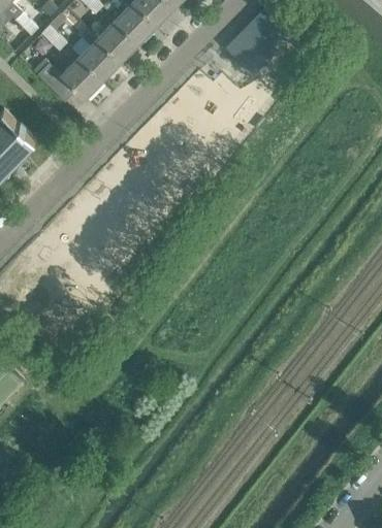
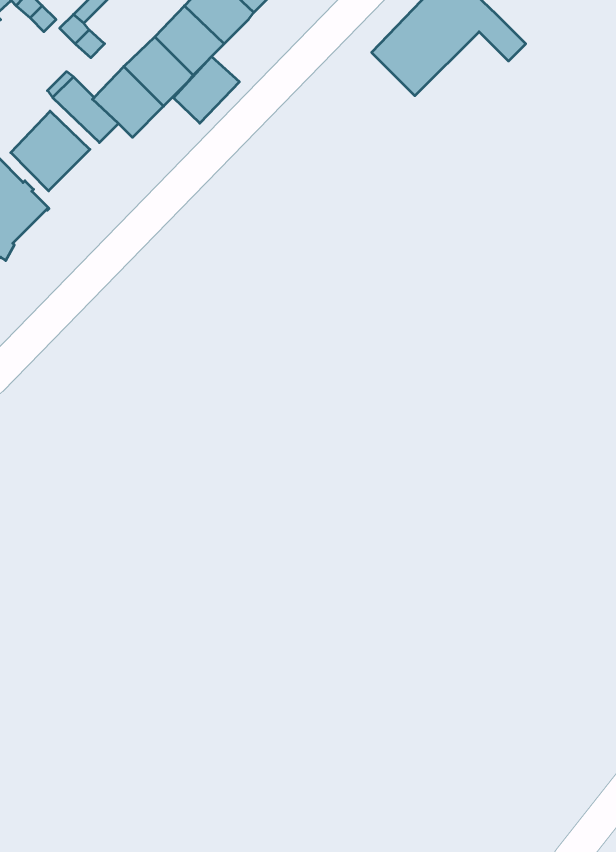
building: none -> [173,56,239,123]
building: none -> [11,111,90,191]

